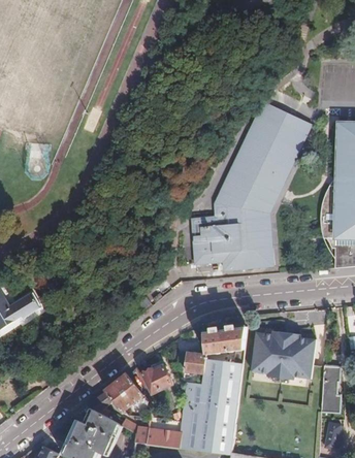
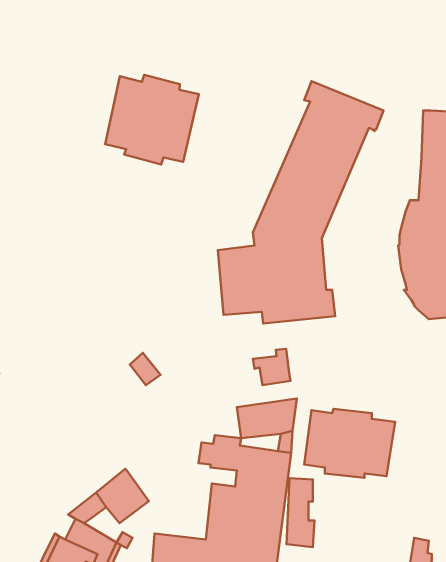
building: none -> [105,75,199,164]
building: none -> [253,349,290,385]
building: [140,361,170,394] -> none
building: [321,364,341,413] -> [287,478,314,547]

